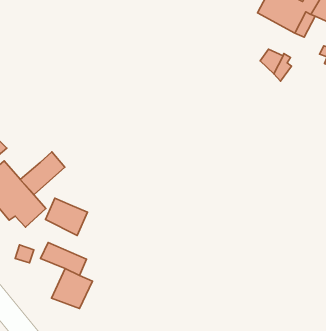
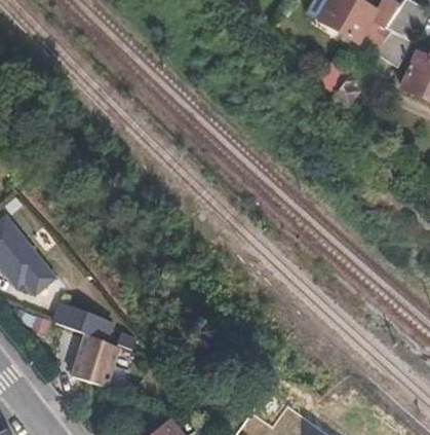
building: [20,152,65,194] -> none
building: [45,198,88,236] -> none

